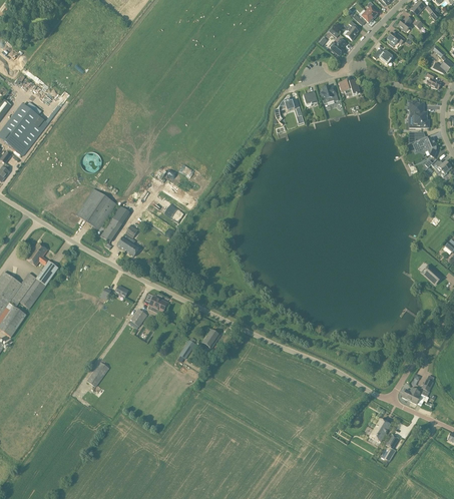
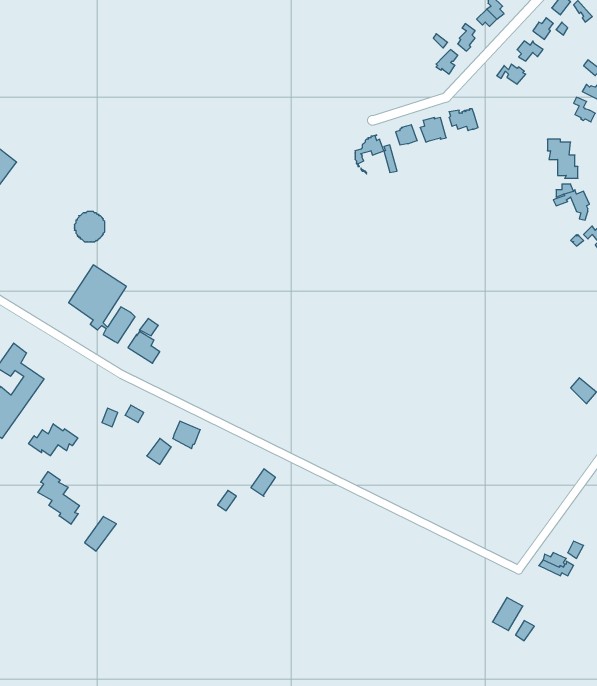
building: none -> [29,424,78,456]
building: none -> [38,472,79,524]

